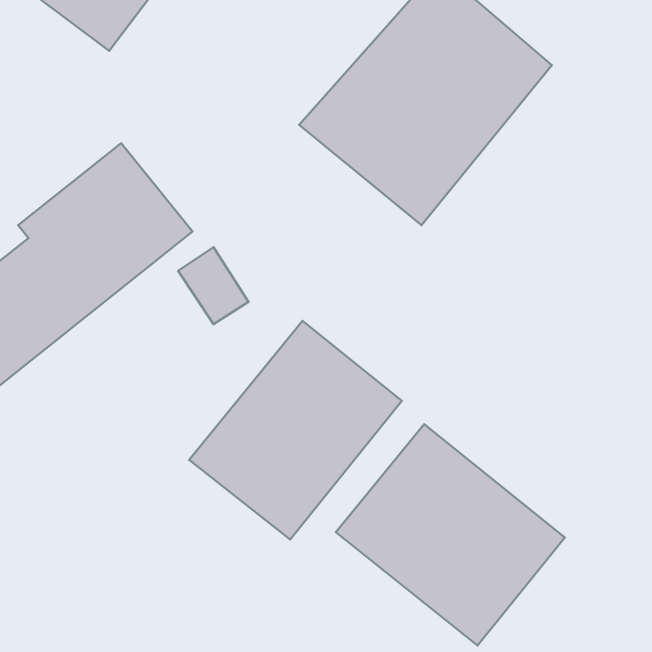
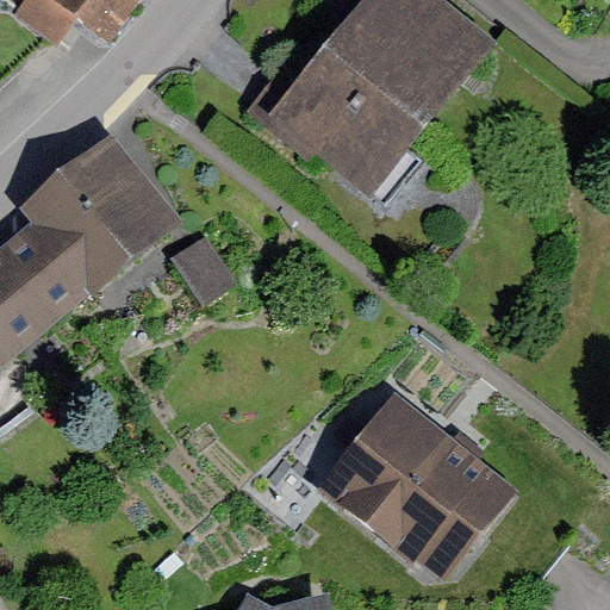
building: [189,321,402,540] -> none

